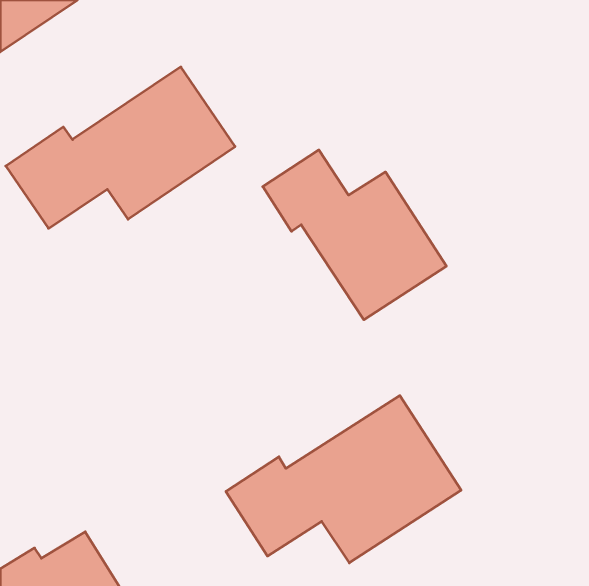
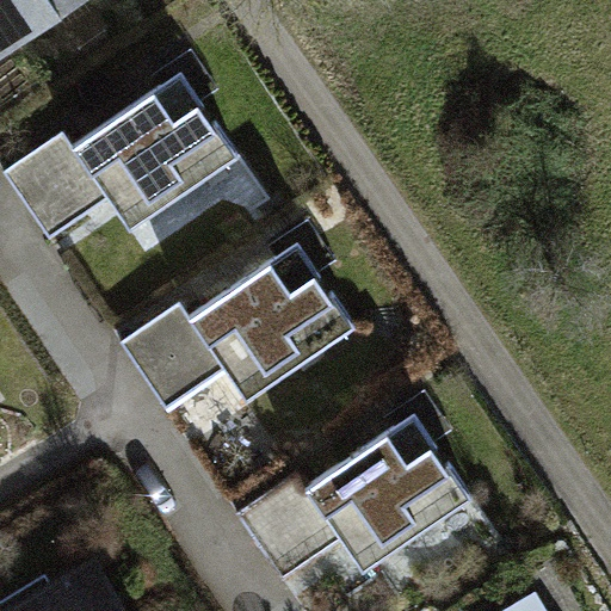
building: [263,150,446,320] -> none
building: none -> [116,245,359,419]

